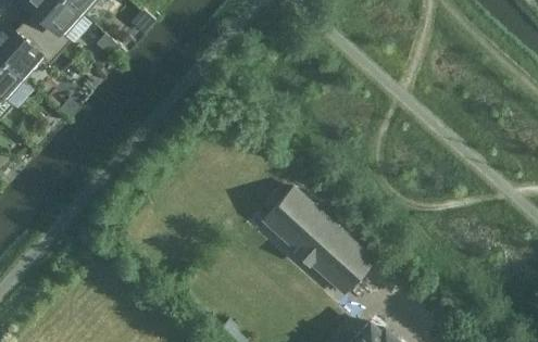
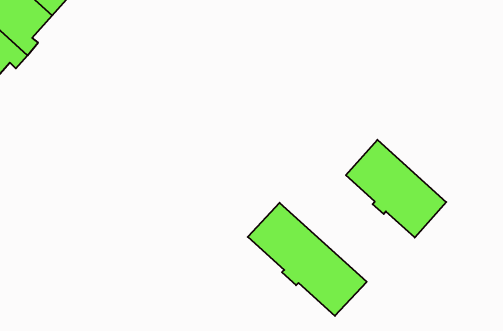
building: none -> [346,140,446,238]

